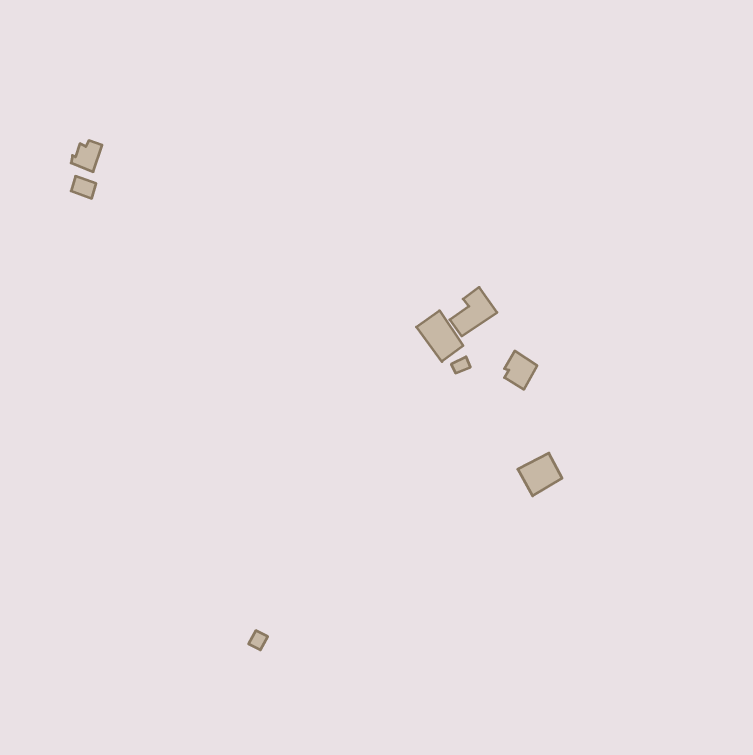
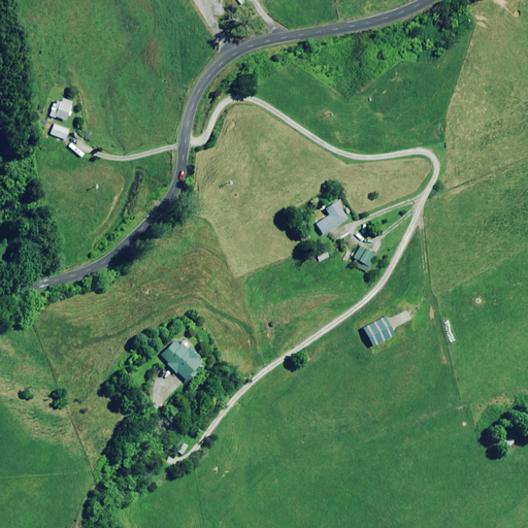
building: [416,311,463,362] -> none
building: none -> [161,338,203,381]

